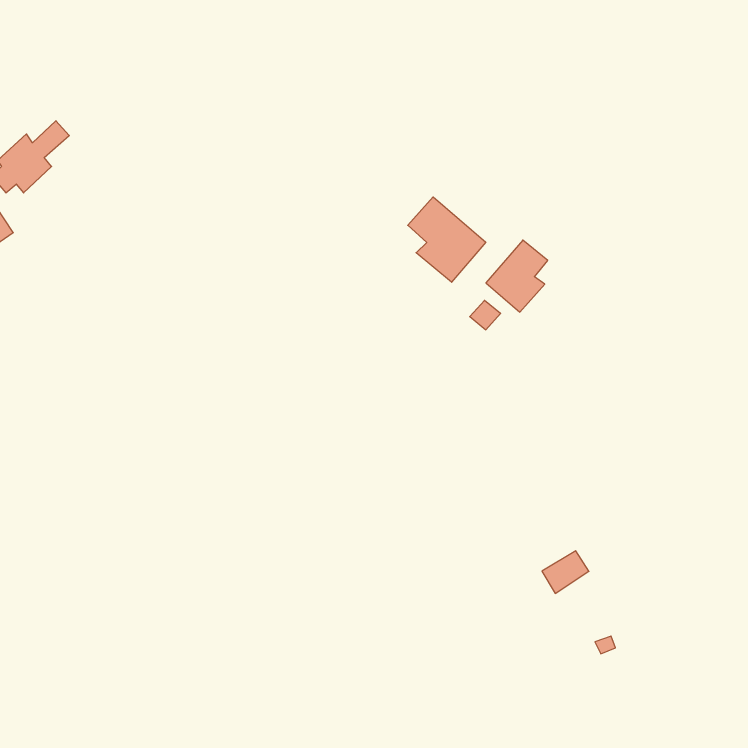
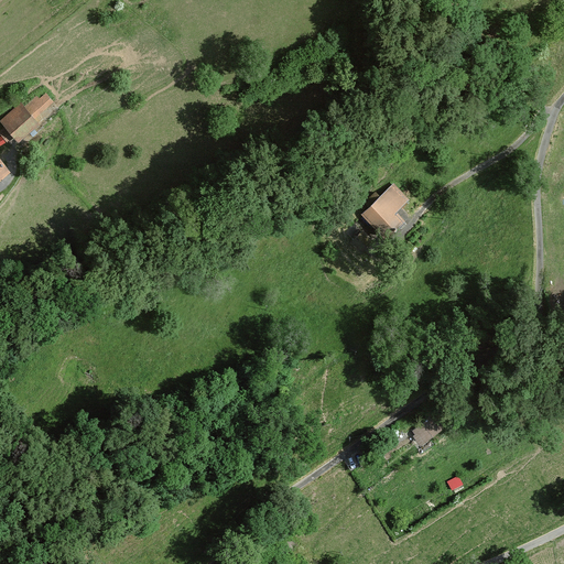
building: [408,197,486,282] -> none

